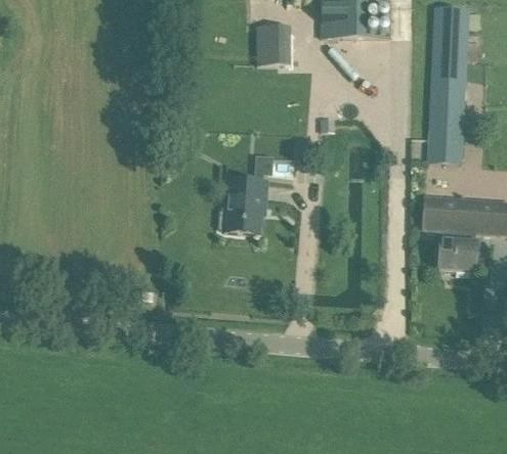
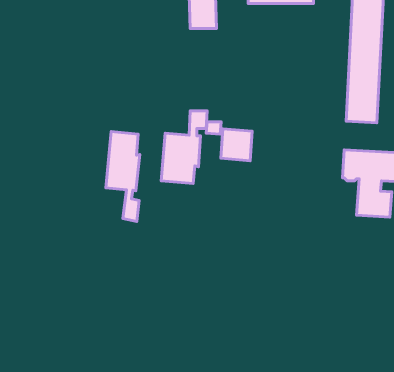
building: none -> [221,129,252,161]
building: none -> [106,132,140,221]

